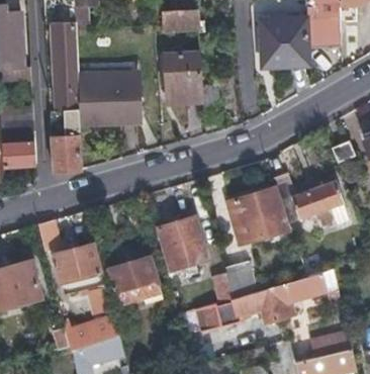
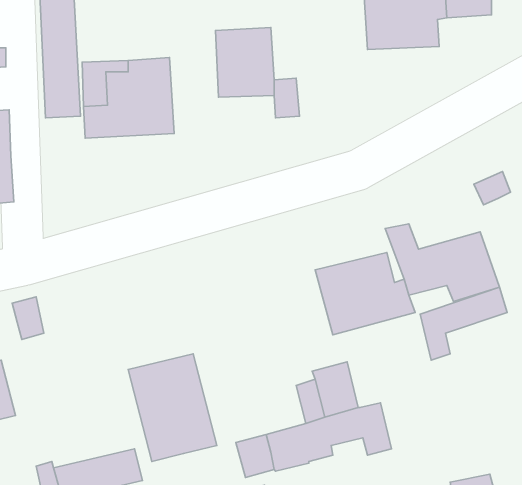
building: [50,107,82,169] -> none
building: [158,217,207,269] -> none
building: [52,248,100,294] -> none
building: [270,273,326,319] -> [420,287,507,360]

